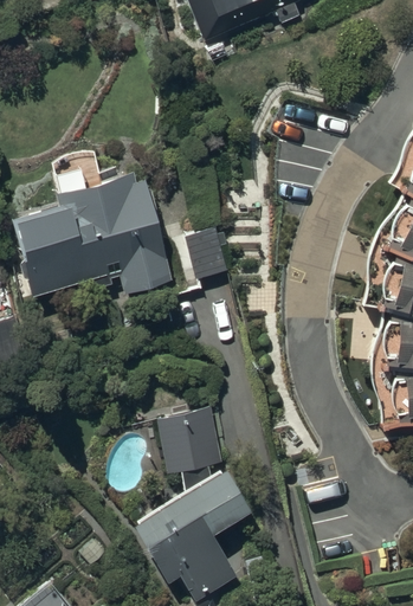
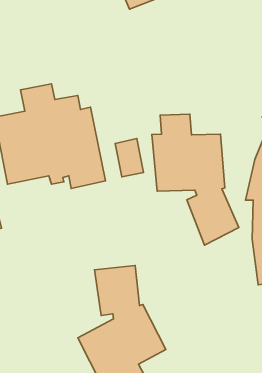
building: none -> [152,114,239,245]

